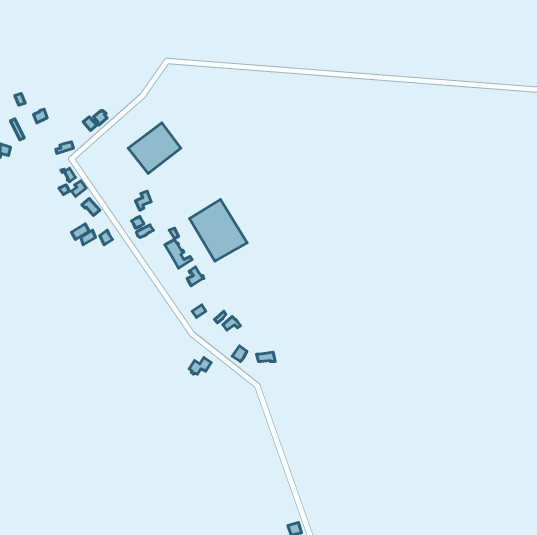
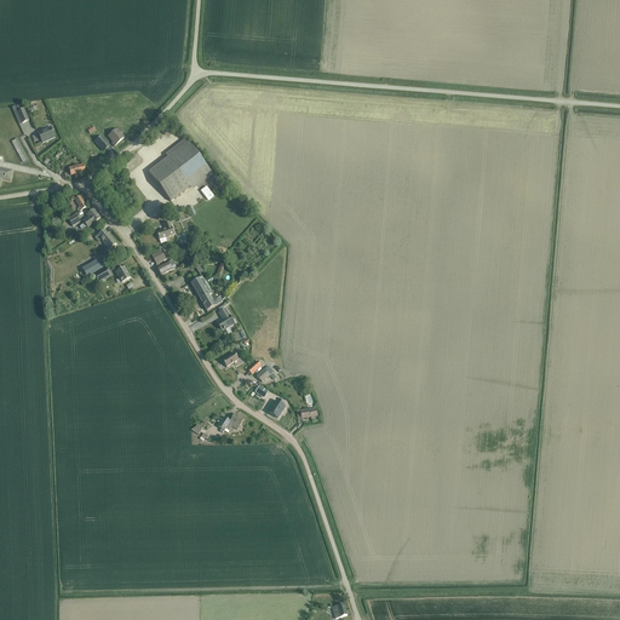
building: [189,199,247,261] -> none

